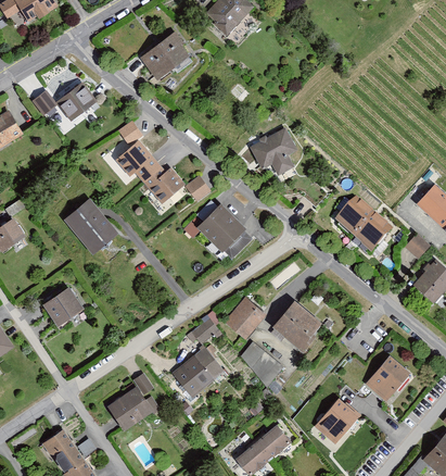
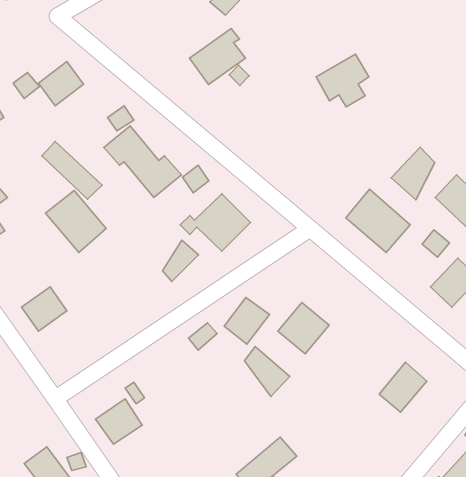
building: [139,30,190,82] -> [189,28,245,84]
building: [250,127,297,175] -> [316,54,369,107]
building: none -> [42,141,102,199]
building: none -> [391,147,435,200]
building: none -> [162,240,198,282]
building: [173,346,225,397] -> none
building: [316,399,360,443] -> none

